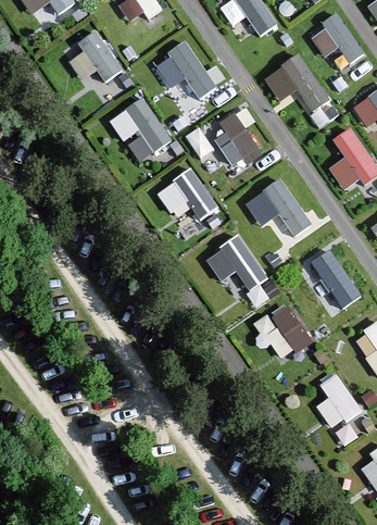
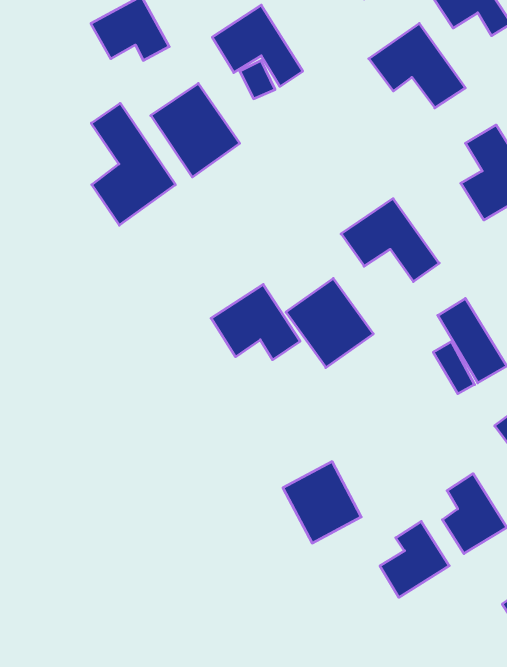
building: none -> [91,103,175,225]
building: [215,111,260,168] -> none
building: [155,168,218,222] -> [211,284,300,360]
building: [256,304,312,362] -> [283,462,361,543]
building: none -> [380,521,449,597]

